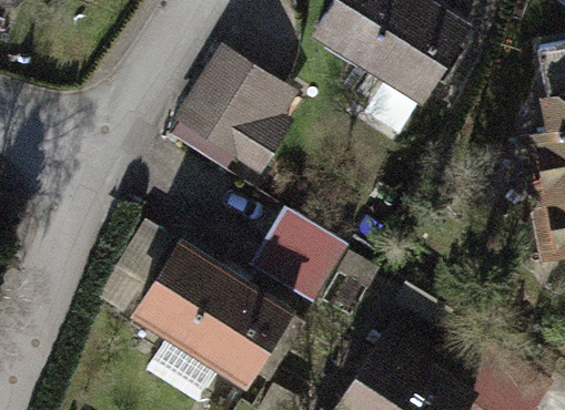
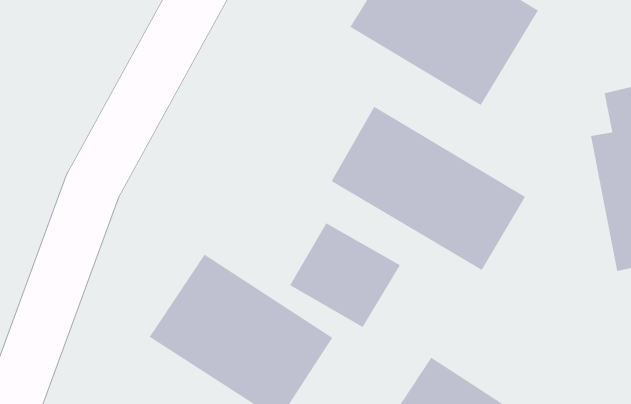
building: [175,45,315,183] -> none
building: none -> [331,106,526,271]

